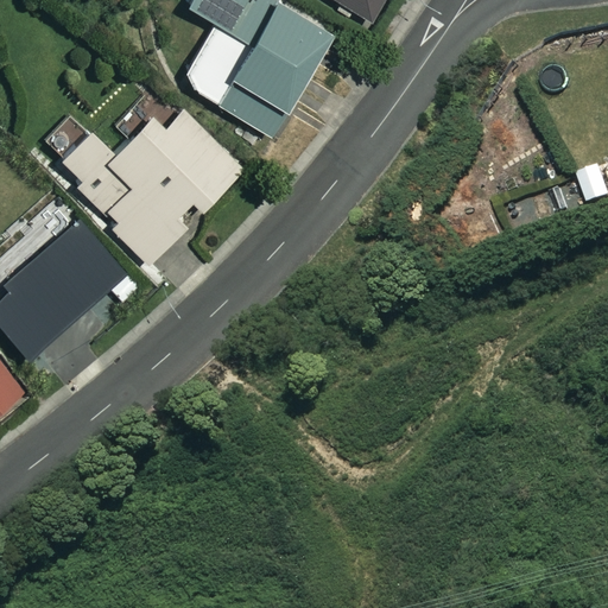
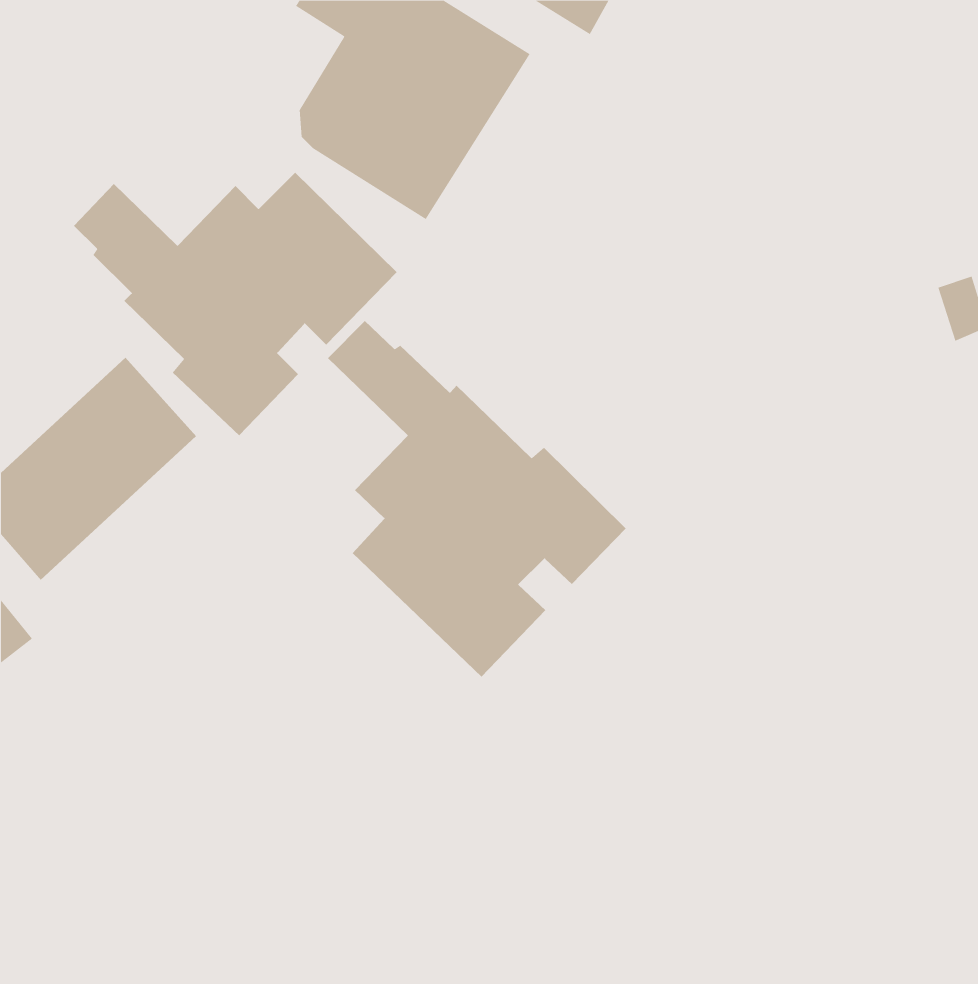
building: none -> [327,320,627,678]

